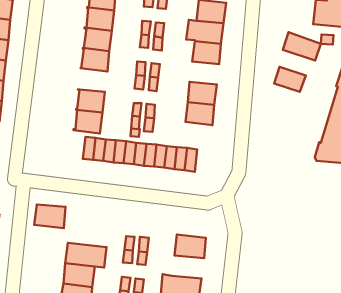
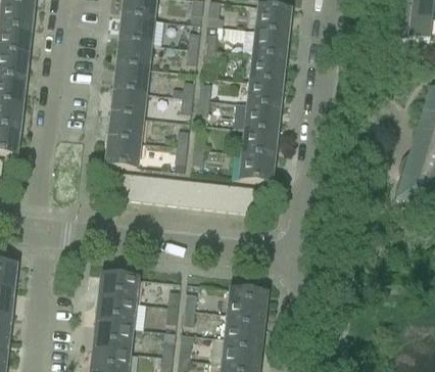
building: [283,32,321,61] -> none
building: none -> [246,81,282,108]
building: [274,67,306,92] -> none
building: none -> [111,89,147,118]
building: none -> [238,153,274,182]
building: [34,204,66,228] -> [99,275,137,304]
building: none -> [225,315,263,342]

